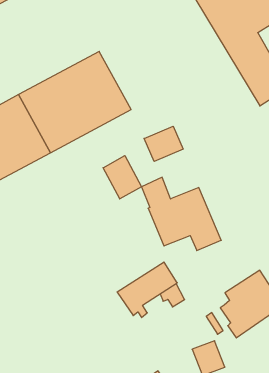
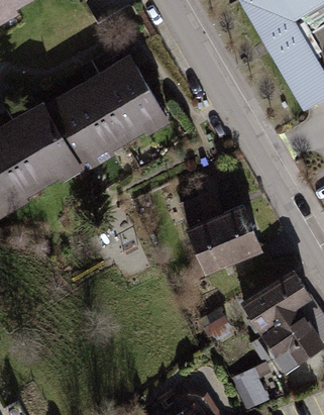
building: [144,126,183,161] -> none
building: [103,156,141,199] -> none
building: [117,262,177,318] -> [243,271,308,330]

